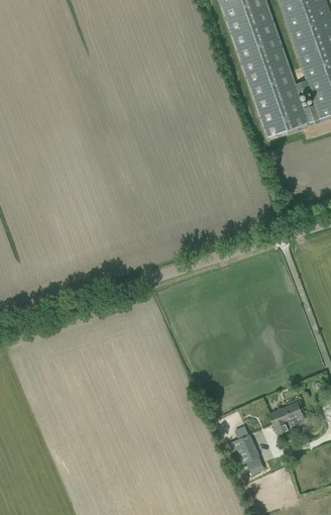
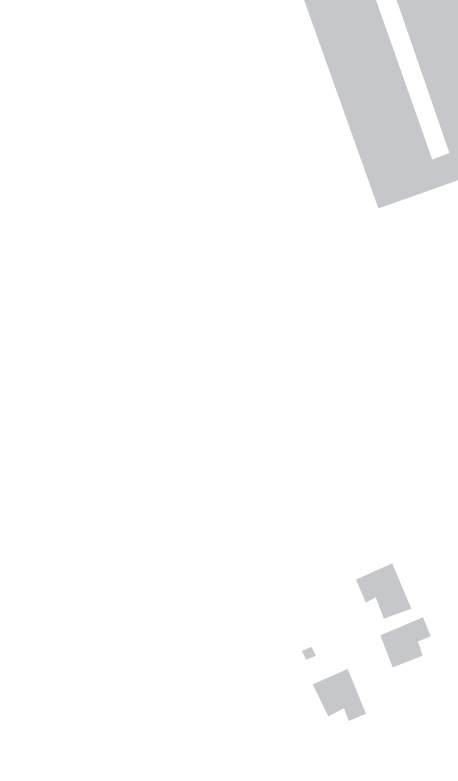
building: none -> [355,562,412,619]

